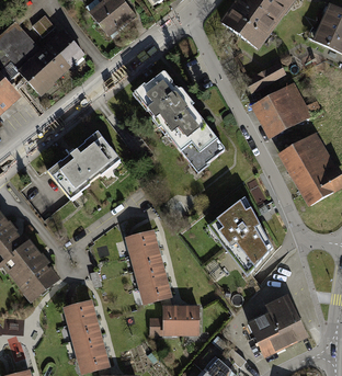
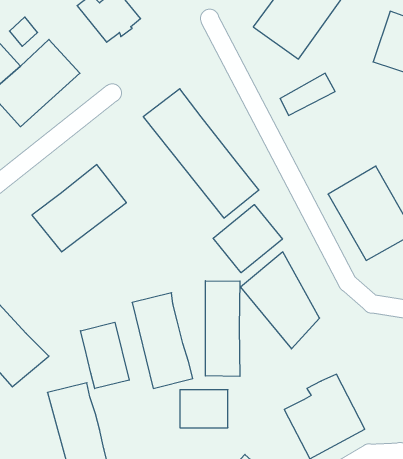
building: [257,82,310,135] -> none
building: none -> [213,205,282,273]
building: none -> [205,281,240,376]
building: none -> [80,322,129,389]

